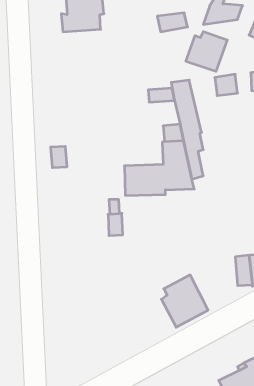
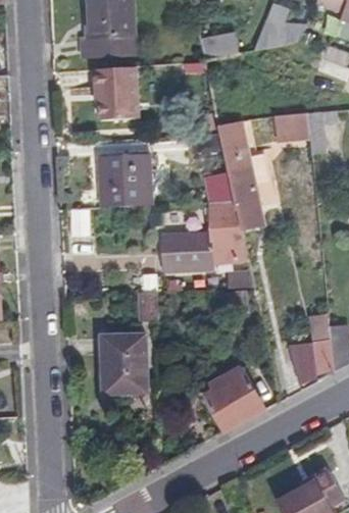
building: [186,32,227,71] -> none
building: none -> [94,65,138,118]
building: none -> [100,153,150,204]
building: none -> [103,330,146,388]

